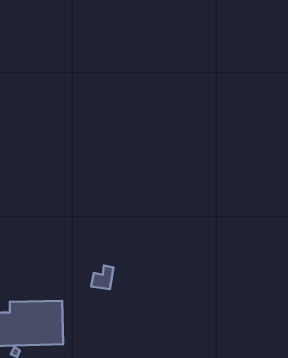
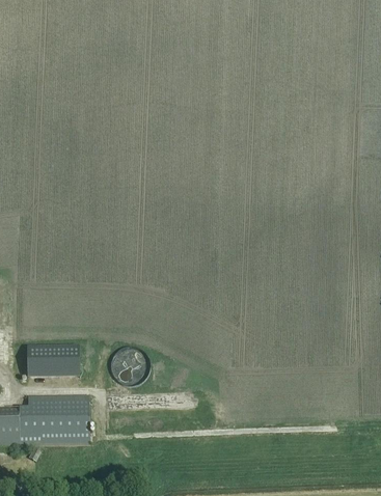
building: none -> [25,346,77,378]

